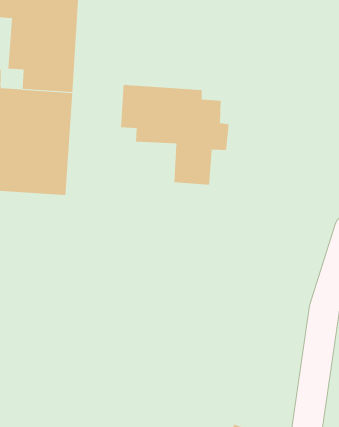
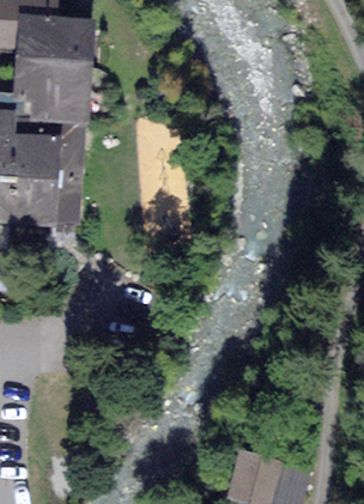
building: [121,84,229,186] -> none

